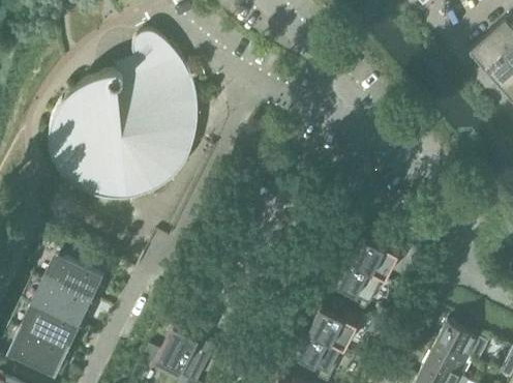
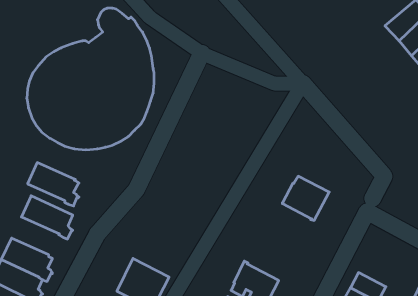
building: [329,257,382,310] -> none
building: [31,275,91,326] -> [28,163,79,206]
building: [306,298,361,350] -> none
building: [436,320,487,361] -> none

